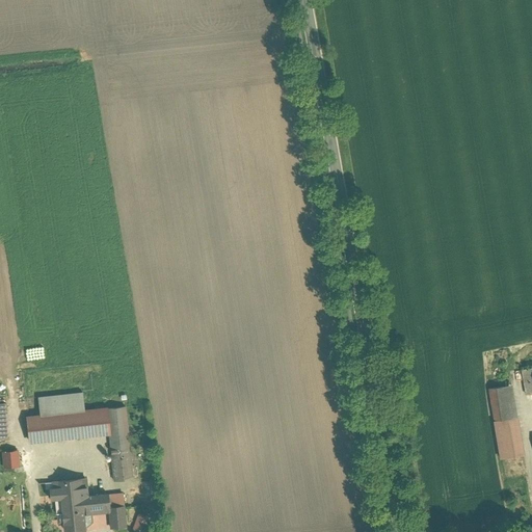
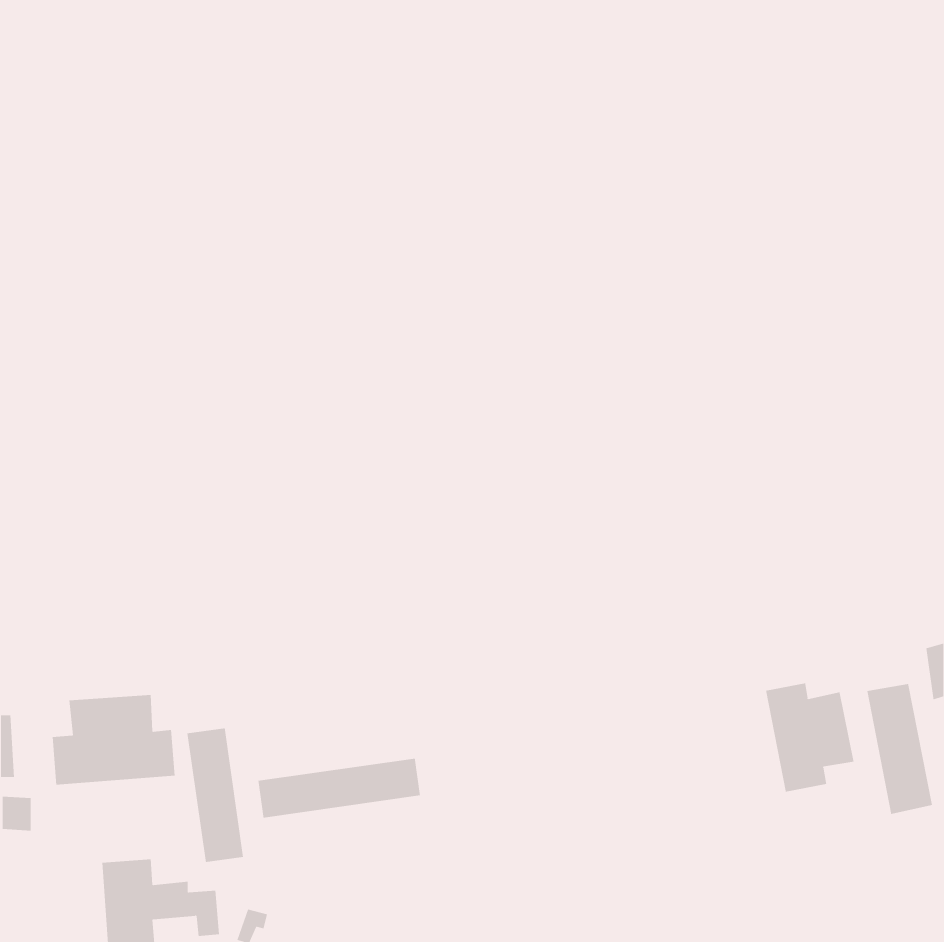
building: none -> [765,683,854,793]
building: none -> [258,758,420,818]

